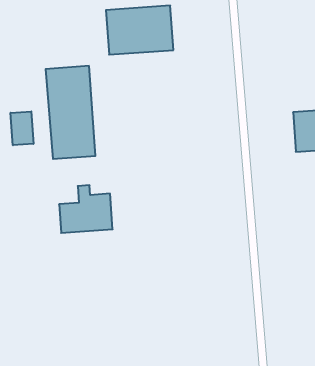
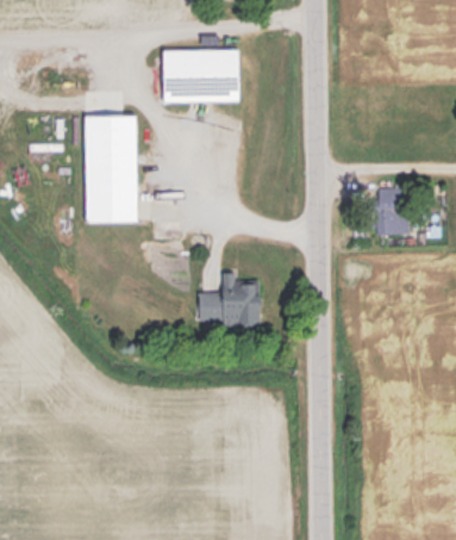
building: [11,111,33,145] -> none
building: [59,185,113,233] -> [198,271,260,325]

